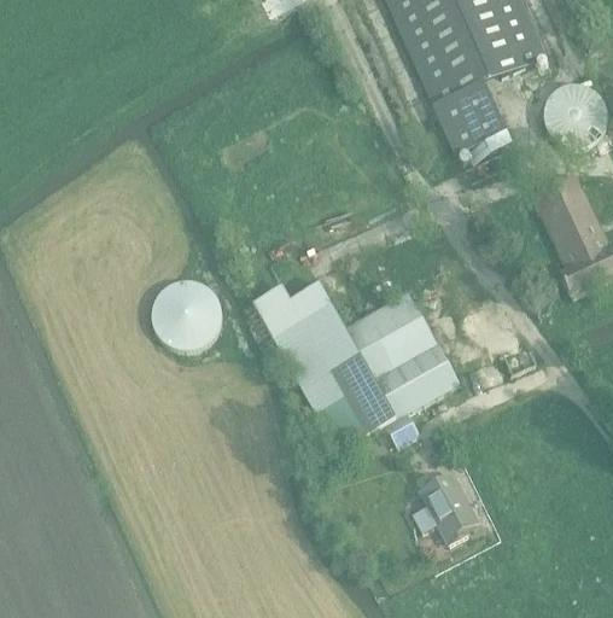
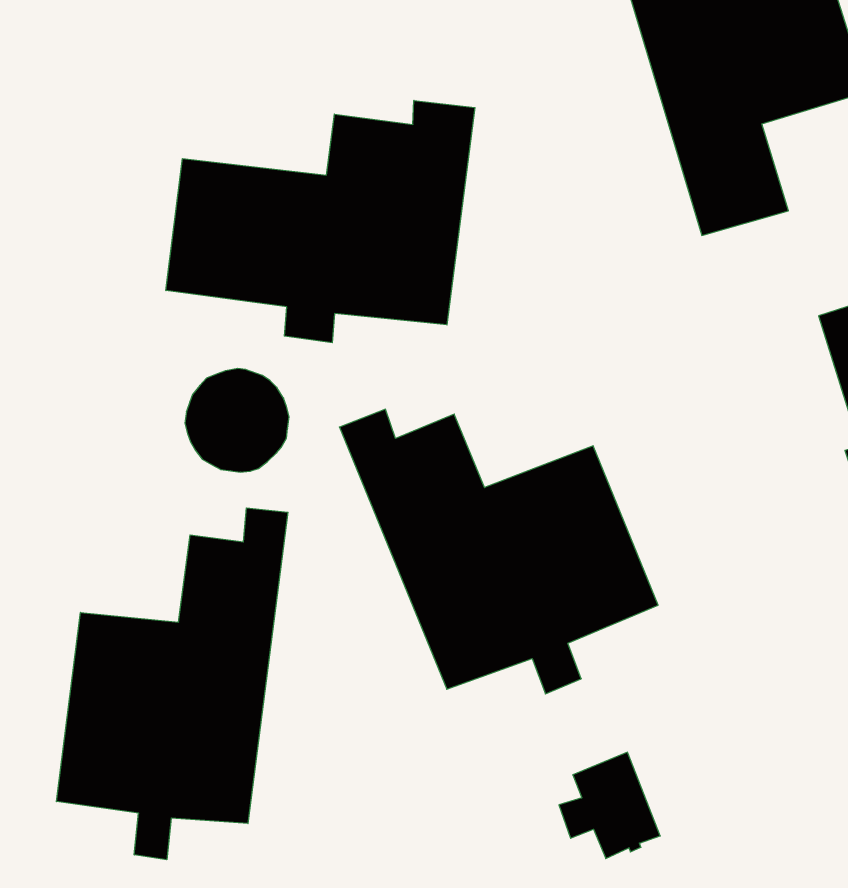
building: none -> [166,100,475,343]
building: none -> [56,508,288,860]

